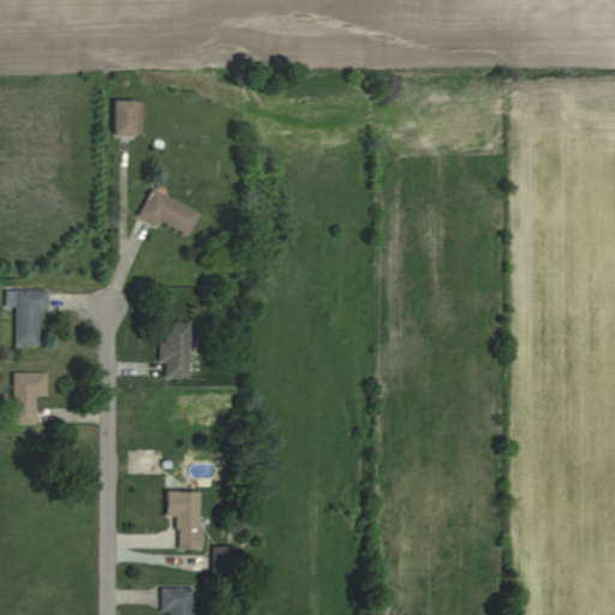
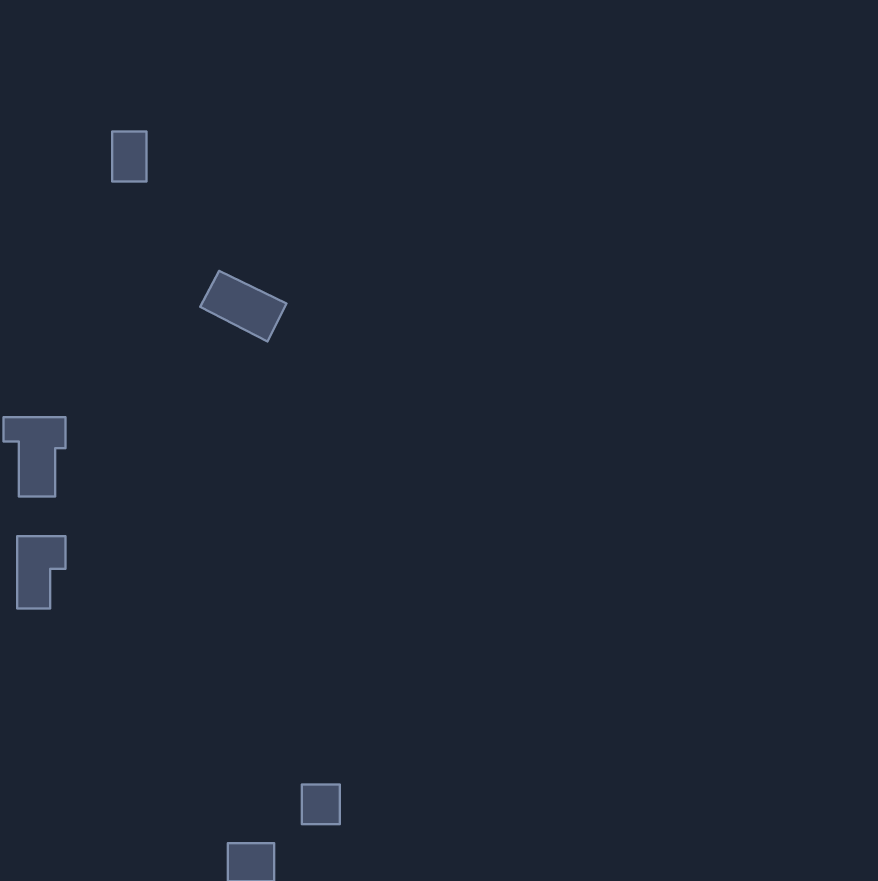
building: [115,101,139,136] -> [112,132,147,182]
building: [165,323,192,377] -> none
building: [167,491,202,549] -> none

